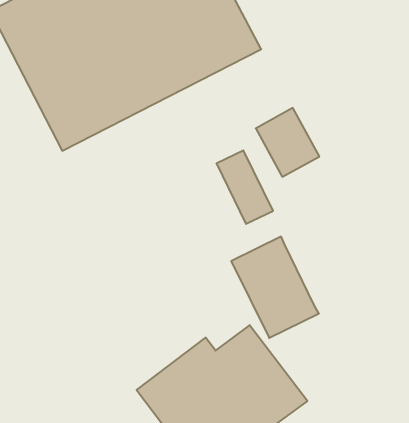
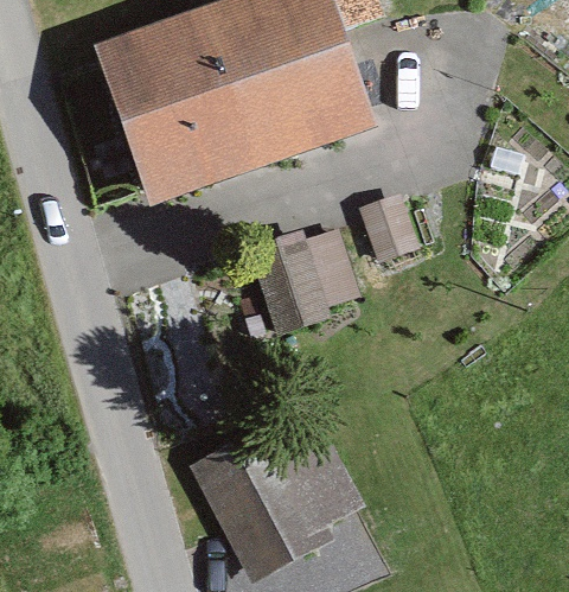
building: [231,237,319,338] -> [250,231,334,337]

